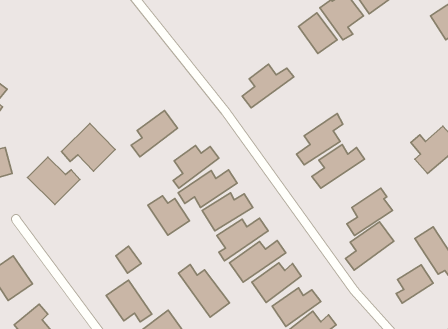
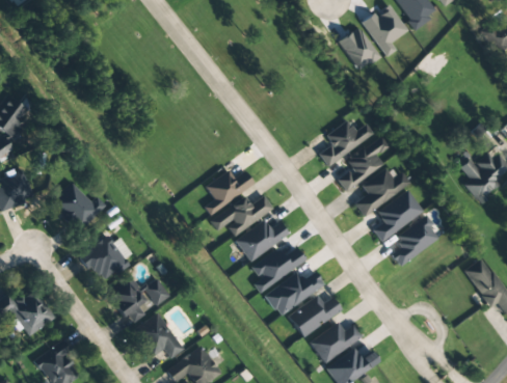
building: [242,64,294,108] -> [319,119,374,166]
building: [131,111,177,157] -> none
building: [62,123,115,171] -> none
building: [148,196,190,235] -> none
building: none -> [81,236,128,283]
building: [345,222,394,270] -> [373,190,425,242]
building: none -> [105,274,153,322]
building: [179,264,229,317] -> none
building: [396,265,433,303] -> none

